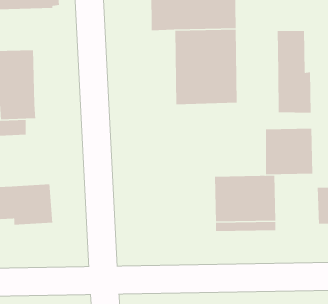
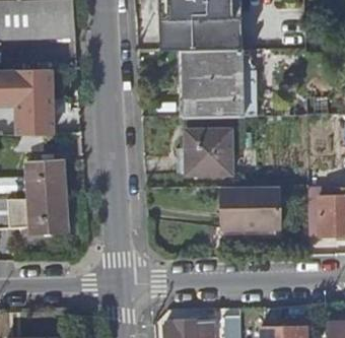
building: [277,30,312,114] -> none
building: [265,128,313,175] -> [189,131,234,176]
building: none -> [26,158,65,196]

